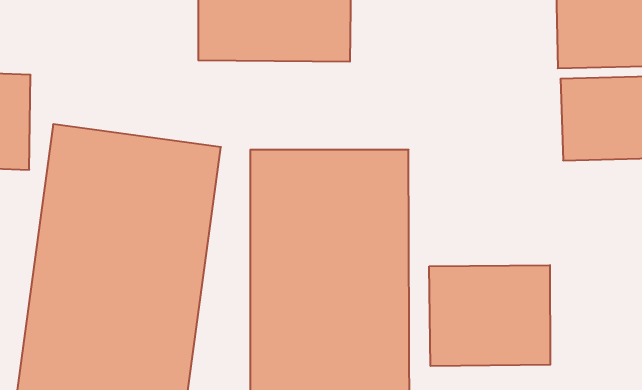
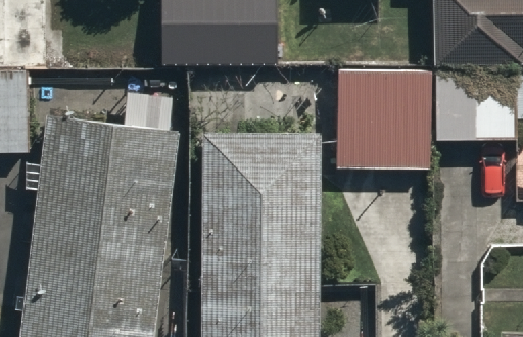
building: none -> [343,68,430,171]
building: [429,265,550,366] -> none

